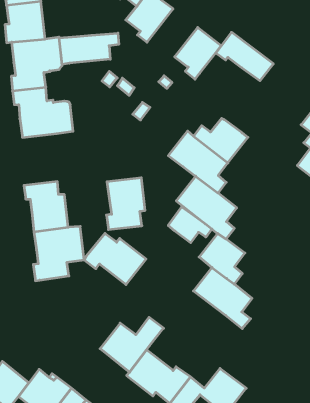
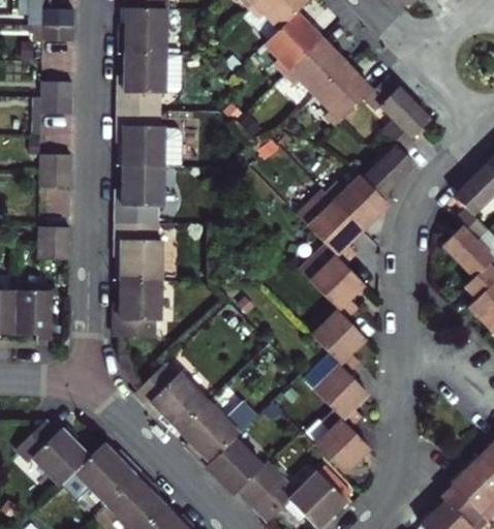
building: none -> [285,39,347,96]
building: [59,33,119,64] -> none
building: none -> [364,120,415,197]
building: [106,178,145,230] -> [116,166,163,224]
building: [168,207,212,243] -> none
building: [84,233,146,285] -> [133,365,207,429]
building: none -> [299,403,369,474]

